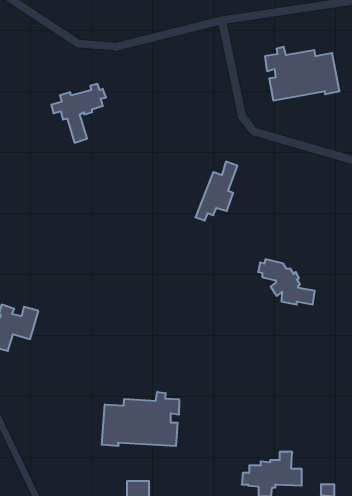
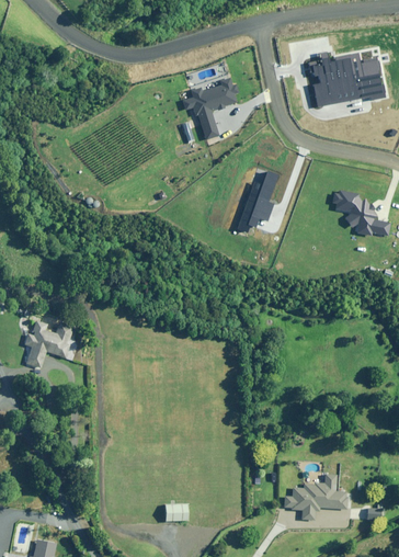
building: [51,84,106,143] -> [182,79,239,140]
building: [258,259,315,305] -> [332,190,391,237]
building: [102,392,179,446] -> none

